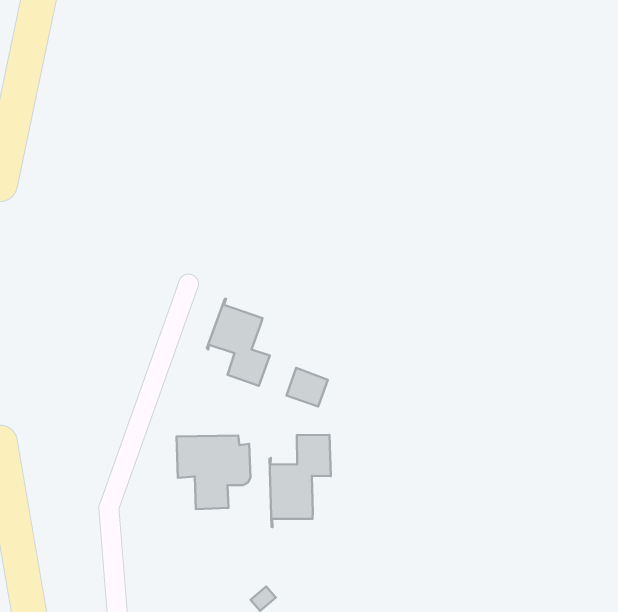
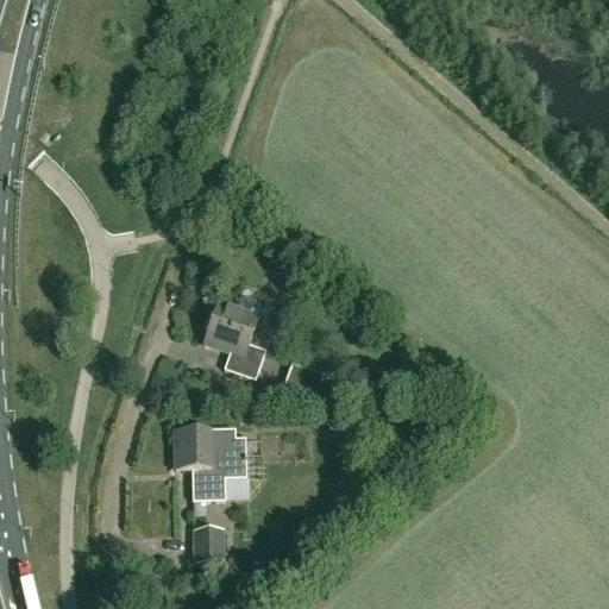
building: [269,435,331,527] -> none
building: none -> [193,528,224,563]

